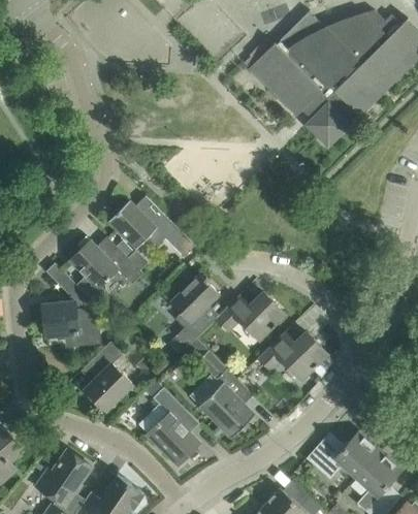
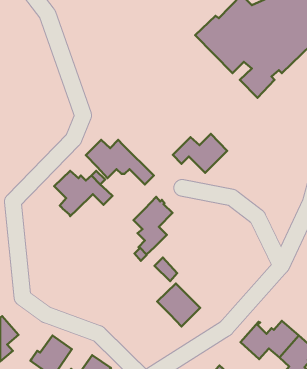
building: [42,272,100,341] -> none
building: [216,292,285,342] -> [173,134,227,173]
building: [251,332,327,380] -> none
building: [86,343,131,411] -> none
building: [144,379,200,467] -> none

